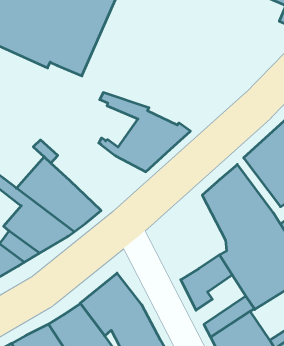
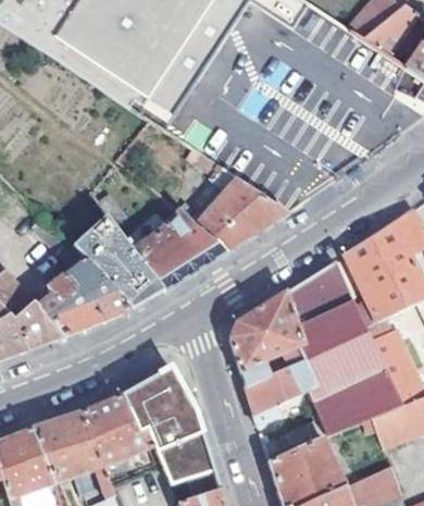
building: none -> [134,210,225,288]
building: none -> [230,291,305,386]

